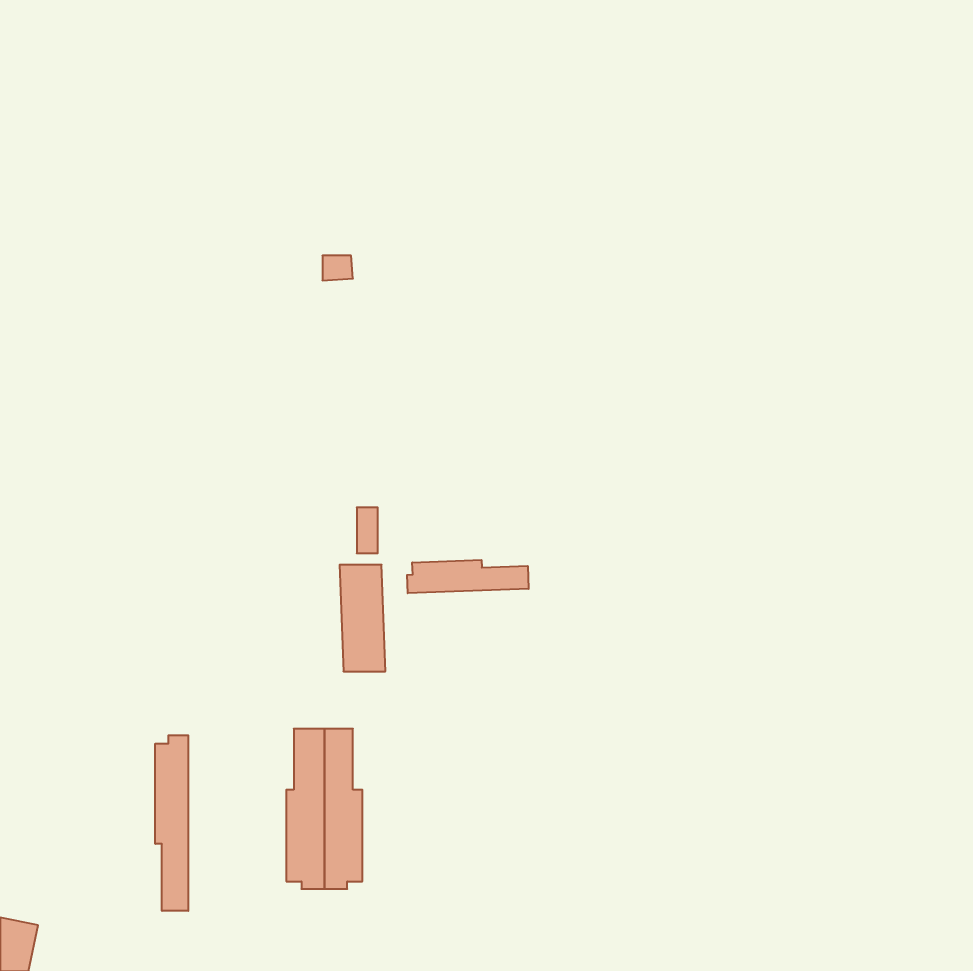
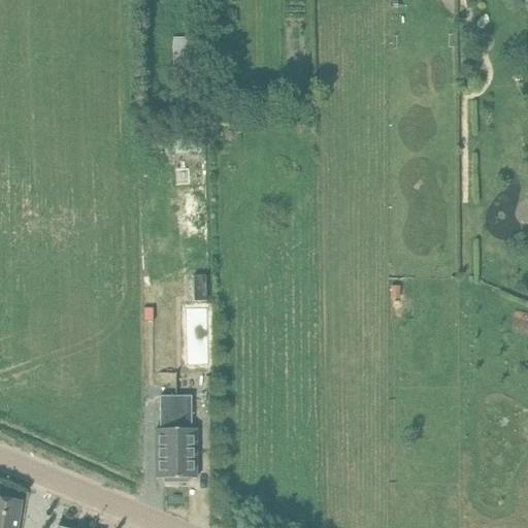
building: [407,560,529,593] -> none
building: [155,735,188,911] -> none

